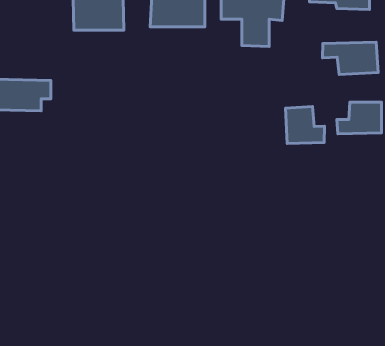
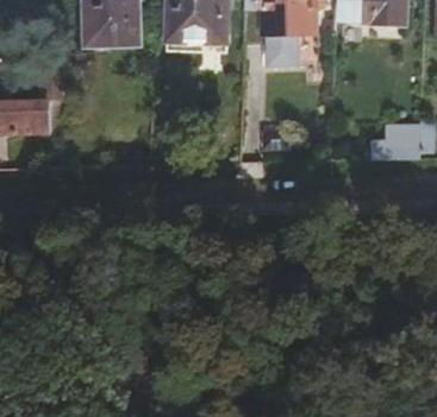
building: [322,42,378,74] -> none
building: [286,107,324,143] -> none

